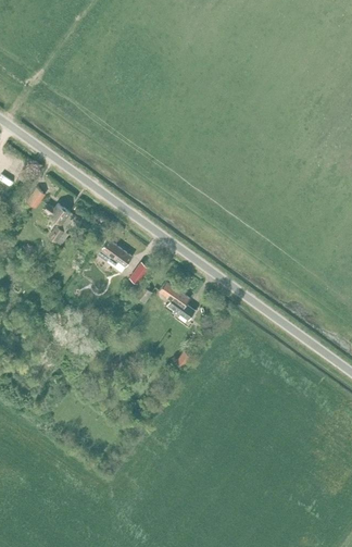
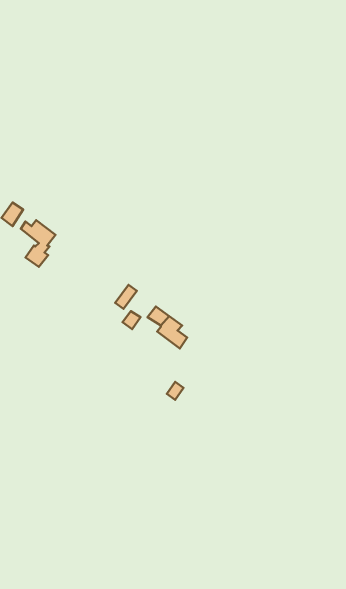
building: [96,240,131,268] -> none

